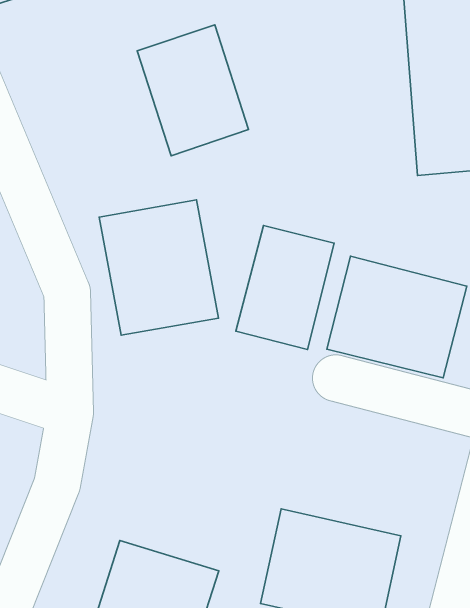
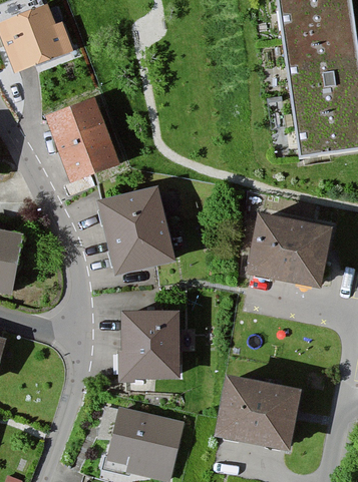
building: [137,25,249,156] -> [44,98,118,183]
building: [236,226,334,349] -> none
building: none -> [120,308,183,377]

